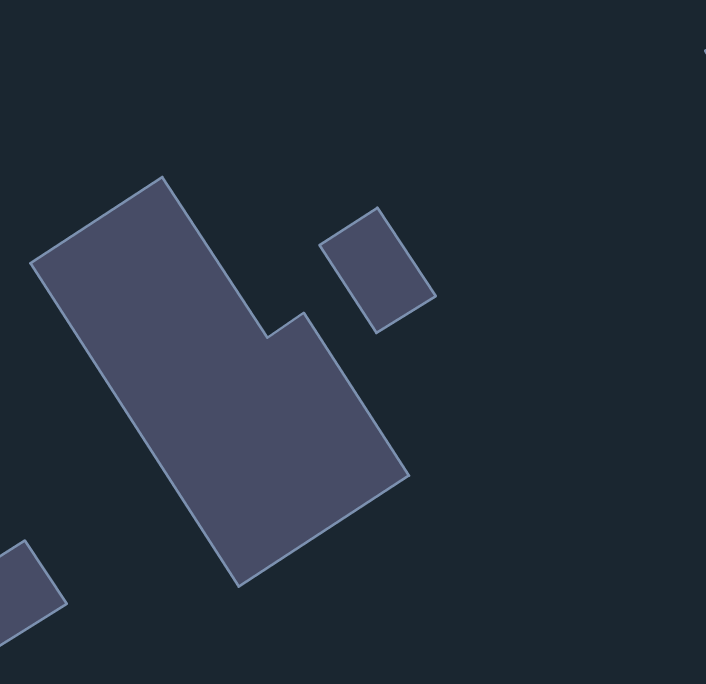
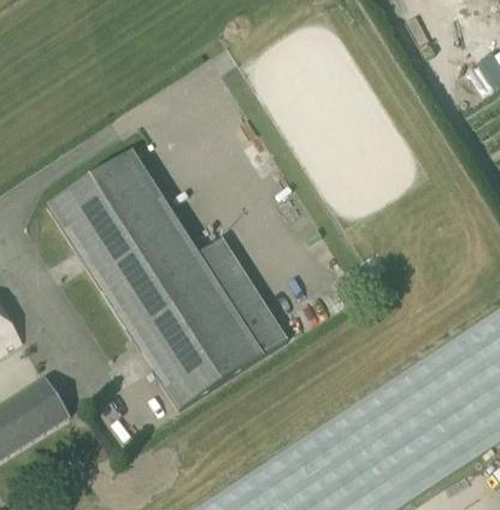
building: [320,208,436,333] -> none

